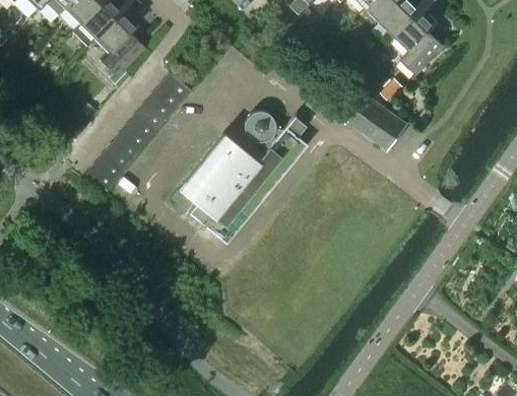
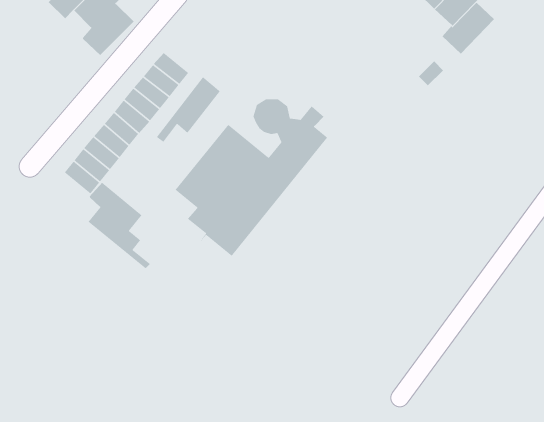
building: none -> [156,76,221,143]
building: [348,96,407,151] -> none
building: none -> [88,182,151,269]

